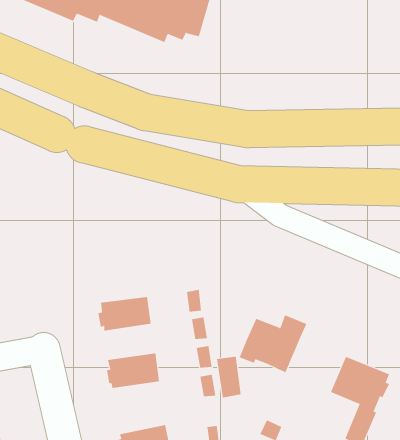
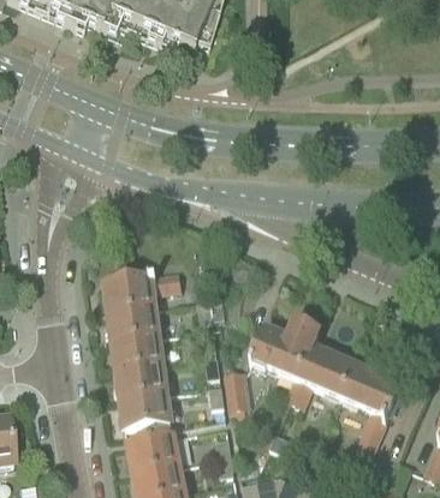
building: none -> [103,269,179,308]
building: none -> [112,330,166,366]
building: none -> [289,343,356,404]
building: none -> [119,388,174,424]

